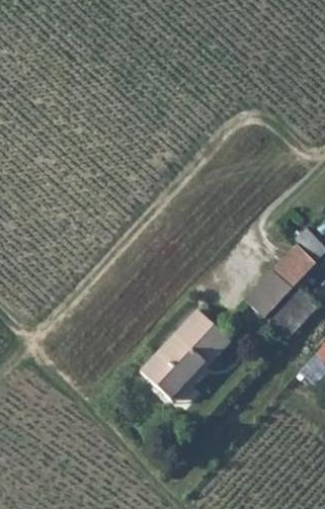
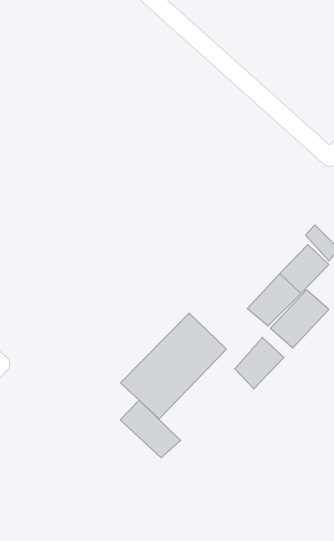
building: none -> [235,337,284,389]
building: none -> [120,400,181,458]

